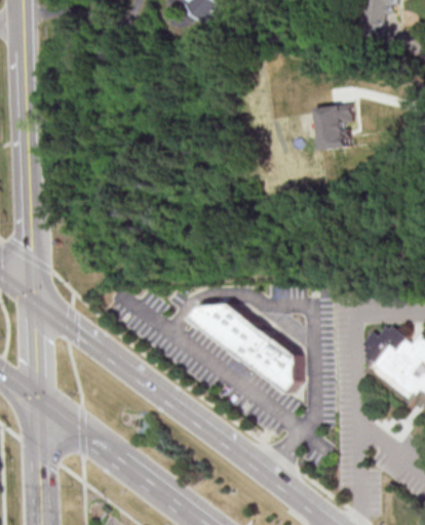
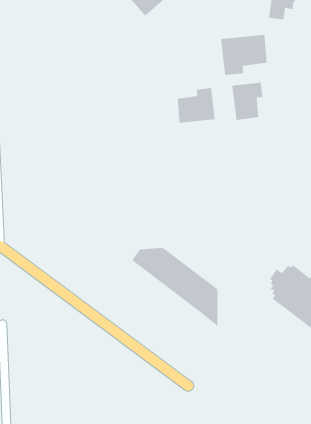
building: none -> [221,34,267,76]
building: none -> [177,87,215,124]

